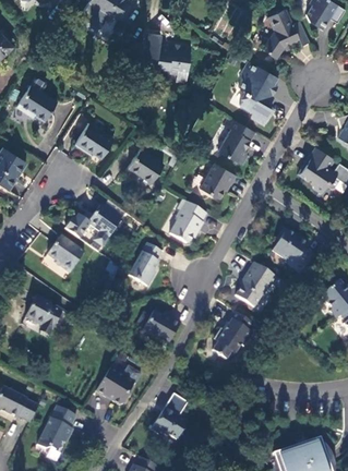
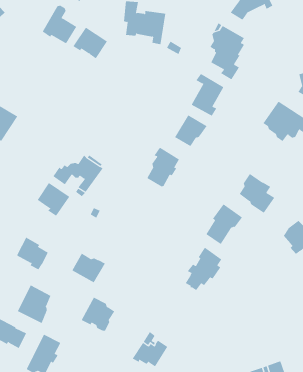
building: [16,80,56,123] -> [42,5,77,44]
building: [74,124,113,160] -> [73,27,108,59]
building: [128,150,163,184] -> none
building: [128,241,161,285] -> none
building: [142,309,180,342] -> [72,253,106,283]
building: none -> [17,285,51,324]

